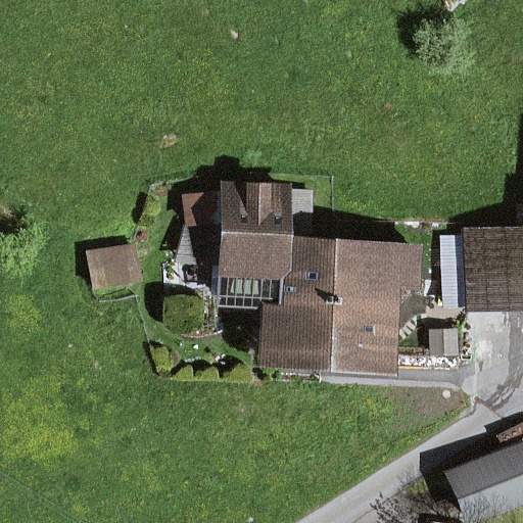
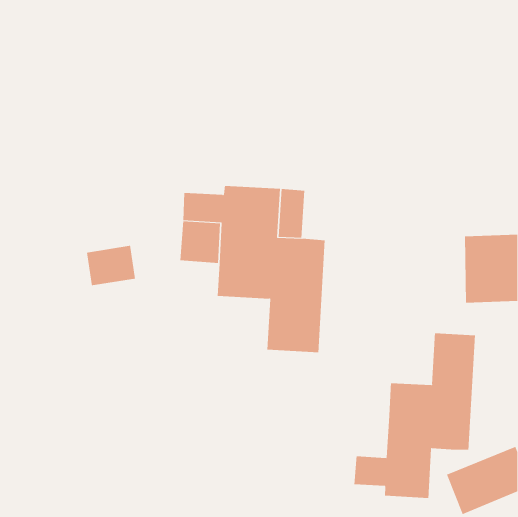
building: [322,243,415,360] -> none
building: none -> [354,333,476,499]

